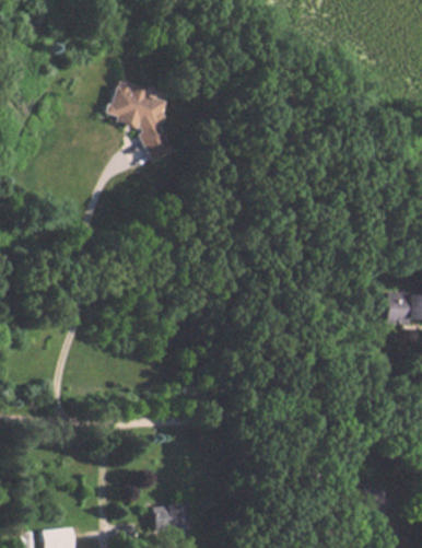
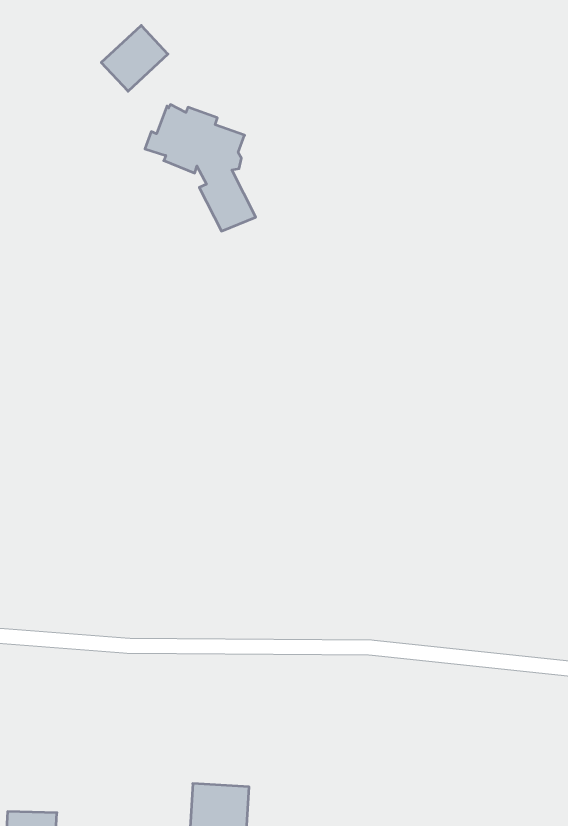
building: none -> [101,25,168,91]

